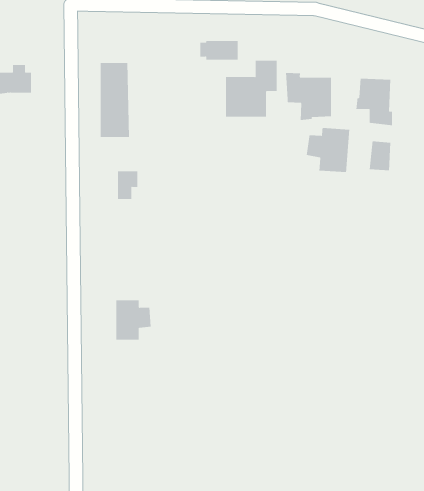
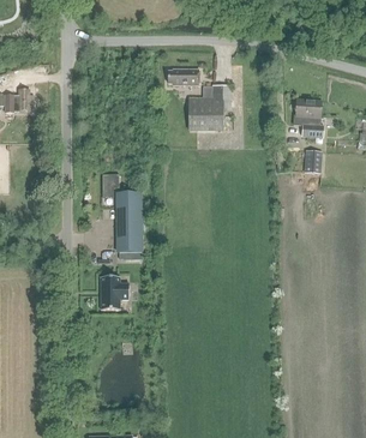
building: [100,62,130,137] -> [118,192,142,252]
building: [286,72,332,121] -> none
building: [306,127,350,173] -> none

